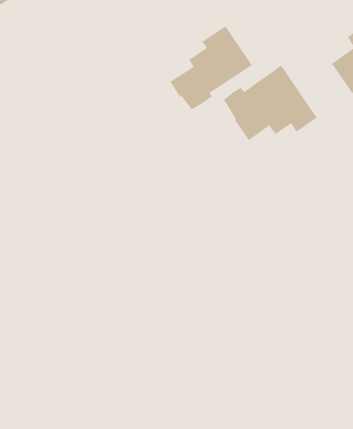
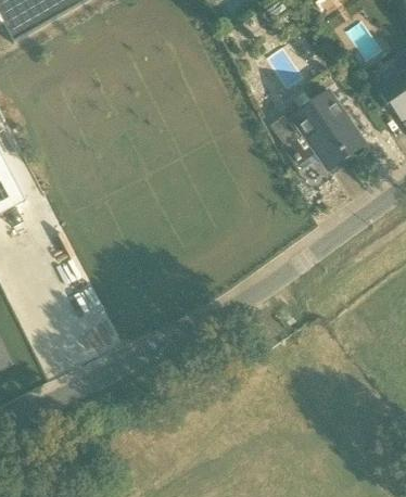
building: [169,25,253,110] -> none

